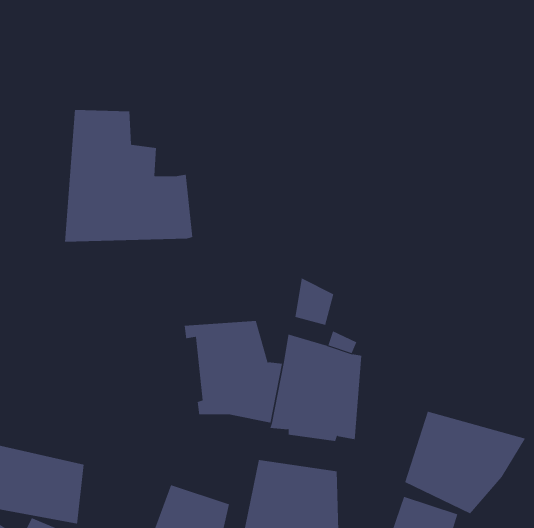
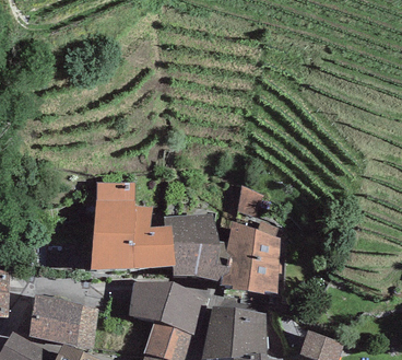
building: [64,110,193,242] -> [90,183,175,270]
building: [404,411,526,514] -> none
building: none -> [129,283,202,336]

